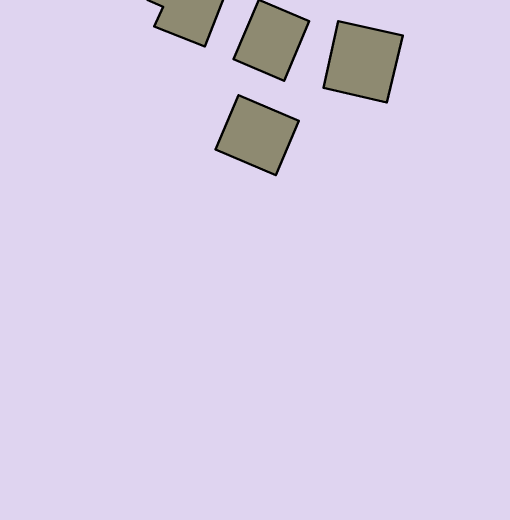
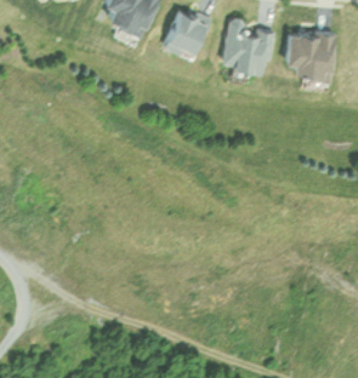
building: none -> [283,30,334,82]
building: [216,95,299,175] -> none

